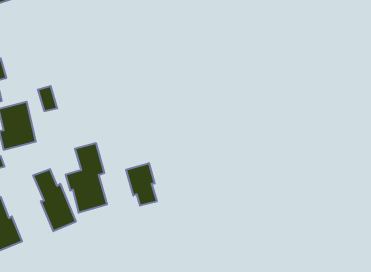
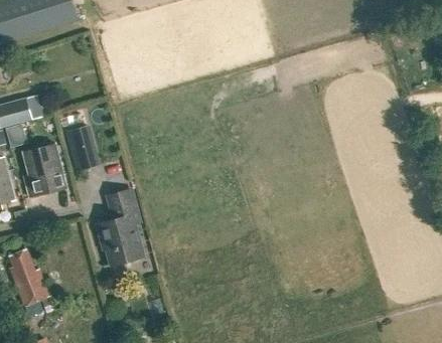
building: [126,163,157,206] -> none
building: [33,169,76,231] -> none

